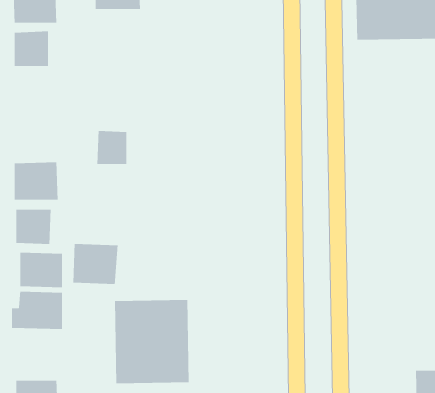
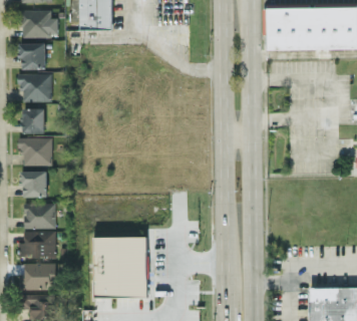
building: none -> [20,74,51,102]
building: [96,130,127,165] -> [22,108,44,133]
building: [73,243,118,285] -> none
building: none -> [19,263,53,290]

